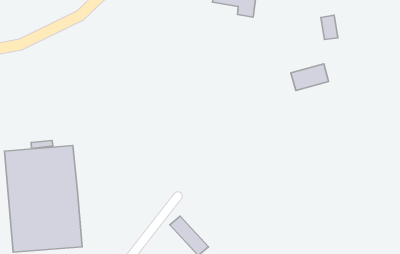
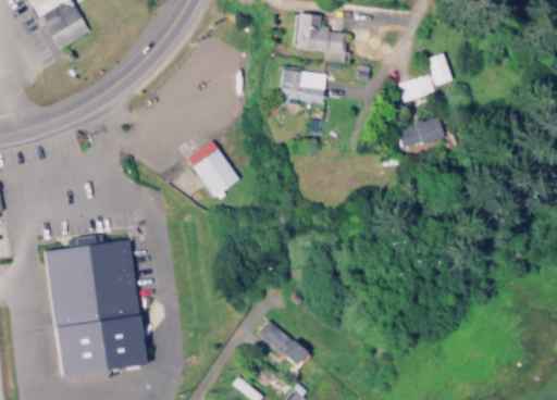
building: none -> [278,71,325,104]
building: none -> [397,75,433,101]
building: none -> [188,140,239,196]

